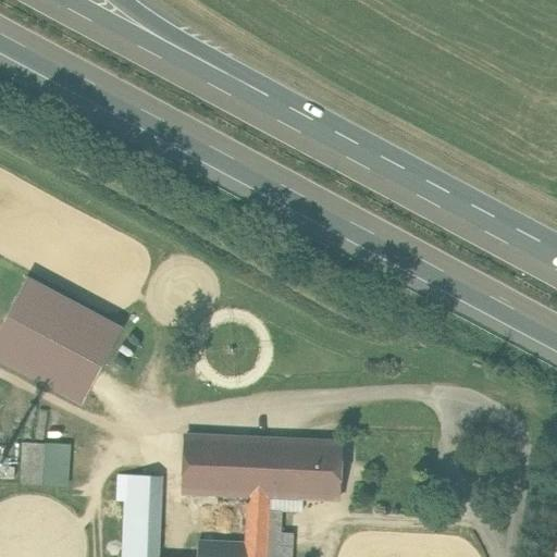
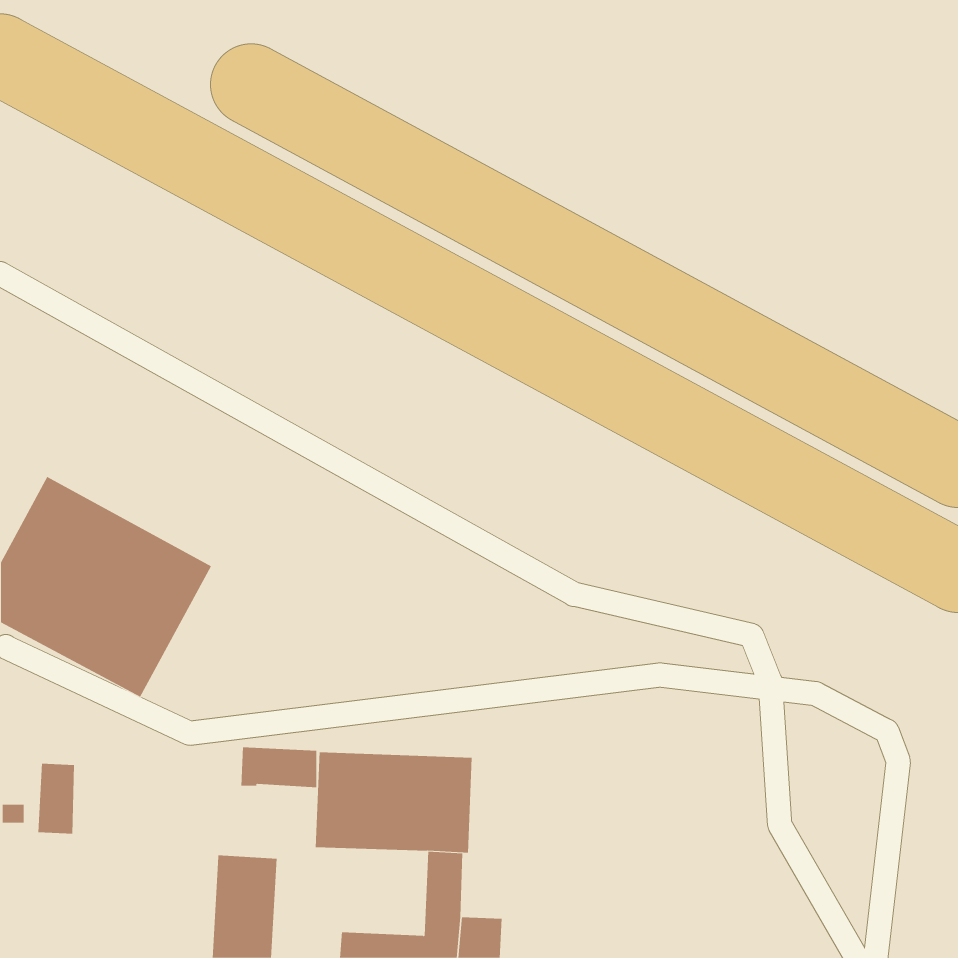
building: [272,440,342,498] -> none
building: [42,444,66,485] -> none
building: [116,474,161,498] -> [240,747,317,788]

